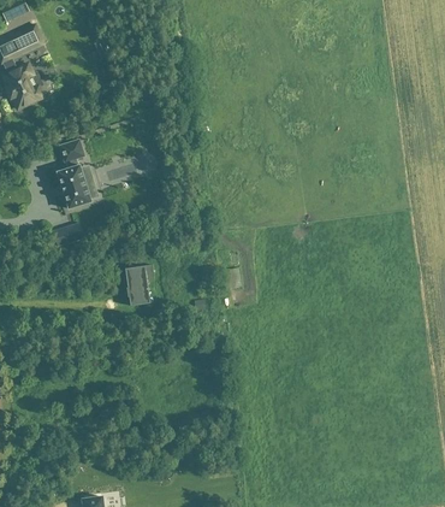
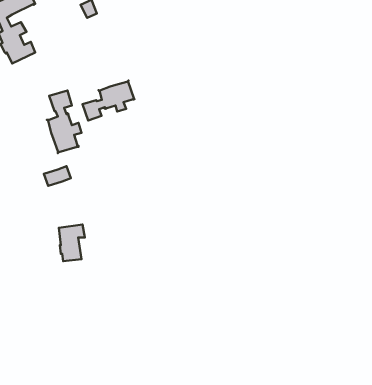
building: none -> [83,81,134,121]
building: [125,265,154,306] -> [59,224,85,261]

